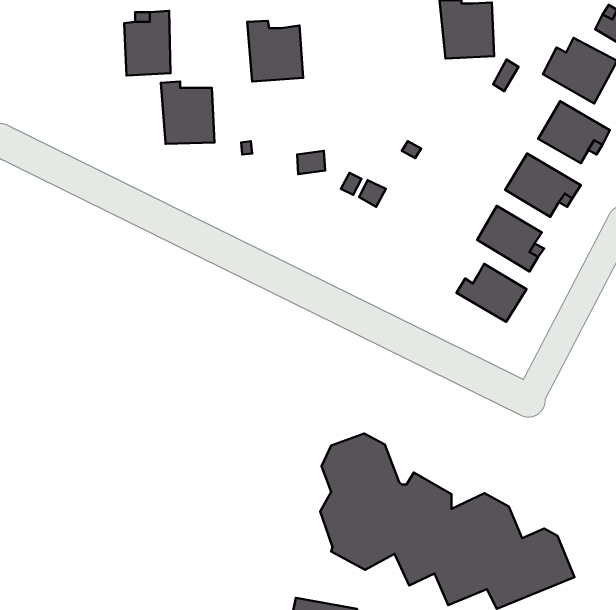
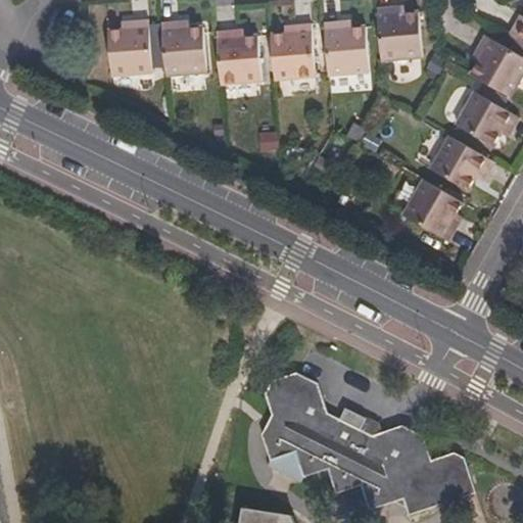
building: none -> [321,19,369,70]
building: none -> [269,21,313,76]
building: [161,82,214,144] -> [157,19,202,72]
building: [456,264,526,322] -> none

